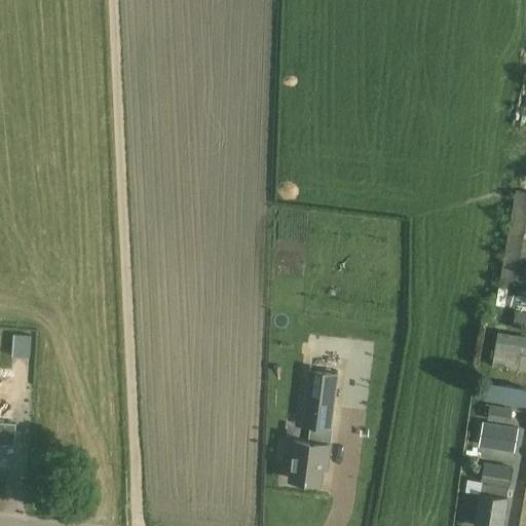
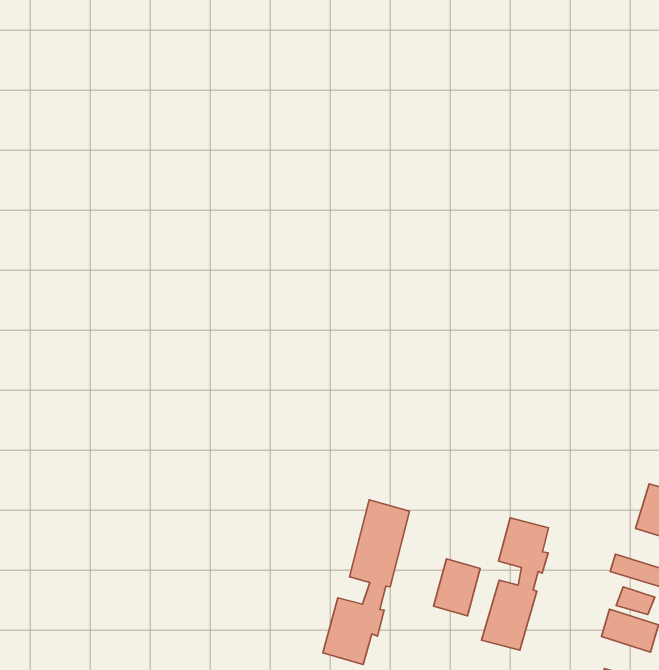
building: none -> [481,518,549,650]
building: none -> [433,559,480,616]

